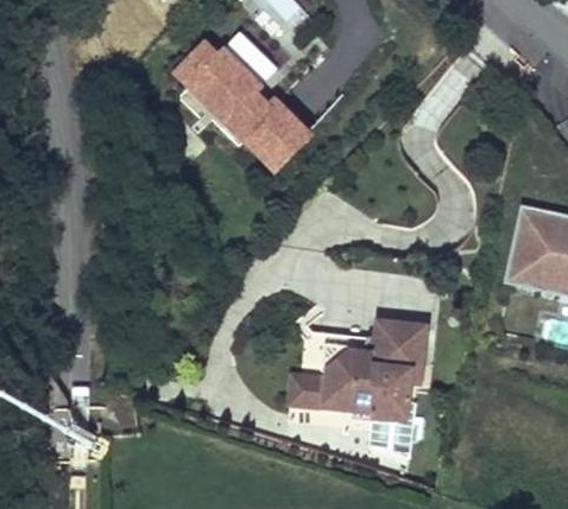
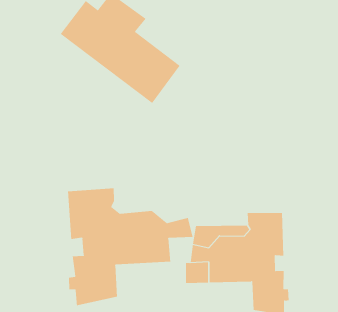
building: none -> [68,187,193,306]

